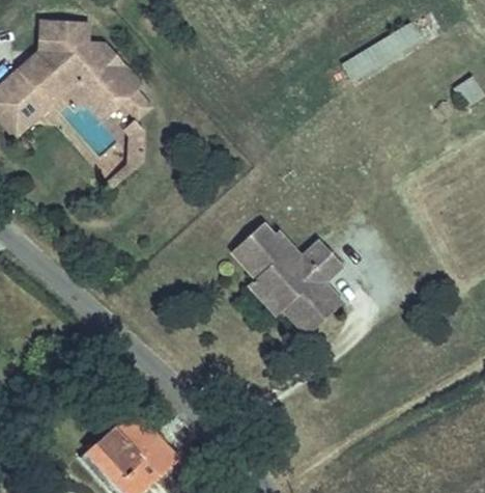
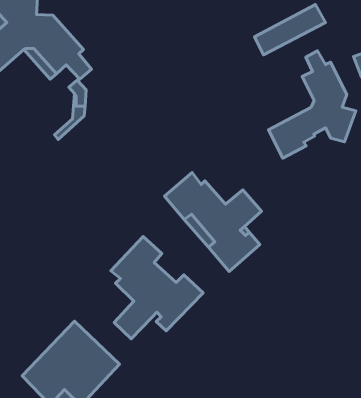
building: none -> [269,51,356,158]
building: none -> [111,236,203,339]

